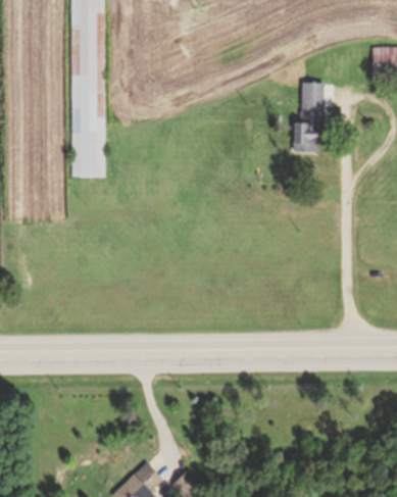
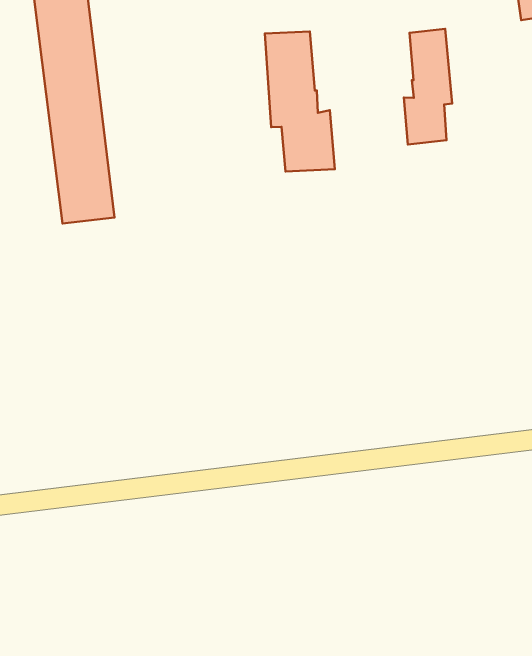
building: none -> [265,32,335,172]

